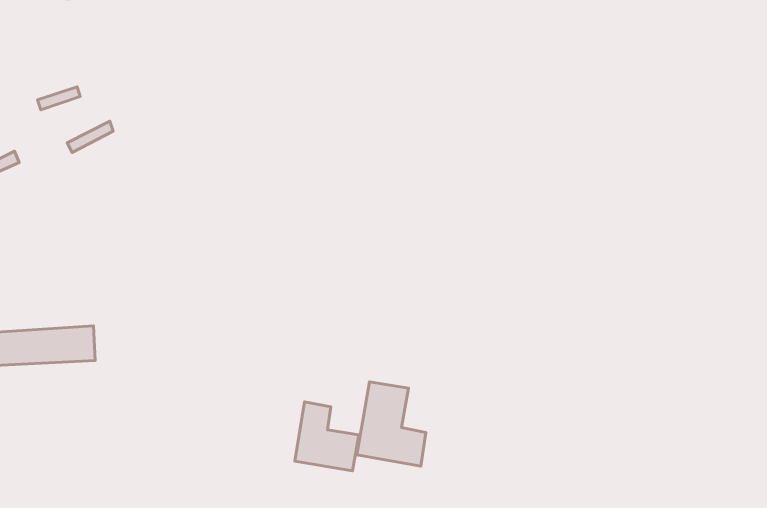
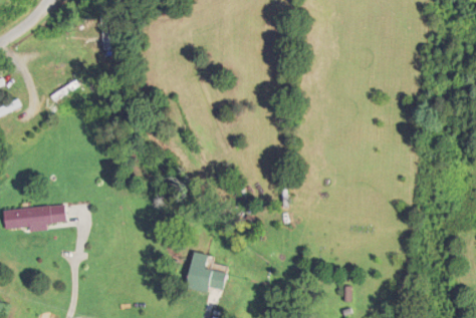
building: [357,382,426,466] -> none

